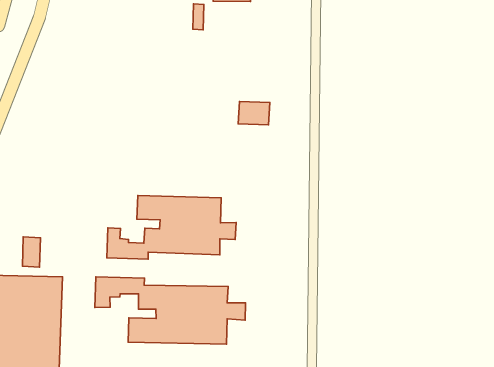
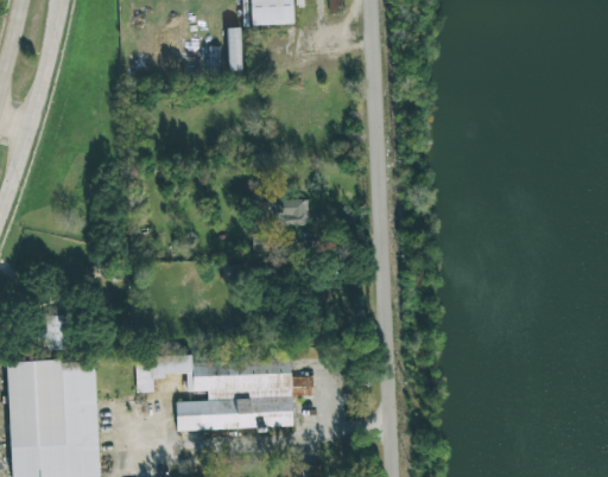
building: [238,102,270,125] -> [271,199,306,227]
building: [107,195,236,259] -> none

